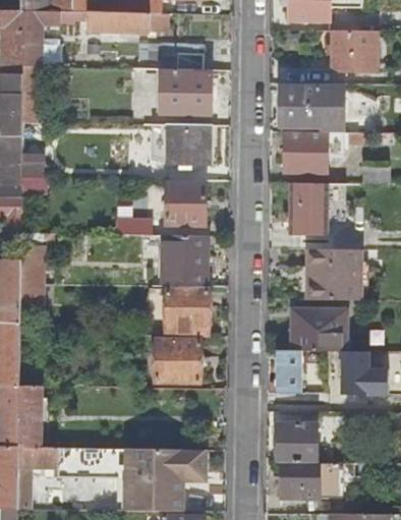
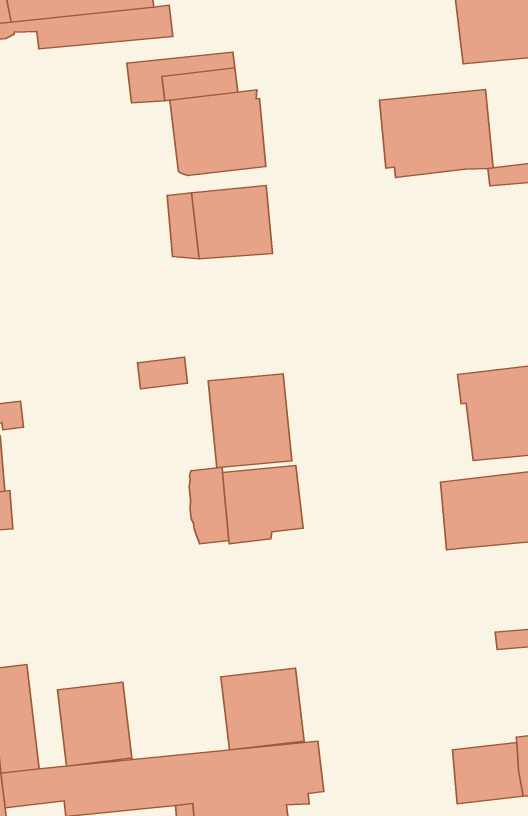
building: [284,130,327,171] -> none
building: [289,181,328,232] -> none
building: [166,184,205,225] -> none
building: [156,340,199,383] -> [221,668,304,750]
building: [277,349,303,410] -> none
building: none -> [58,682,132,766]
building: [275,422,316,462] -> none

